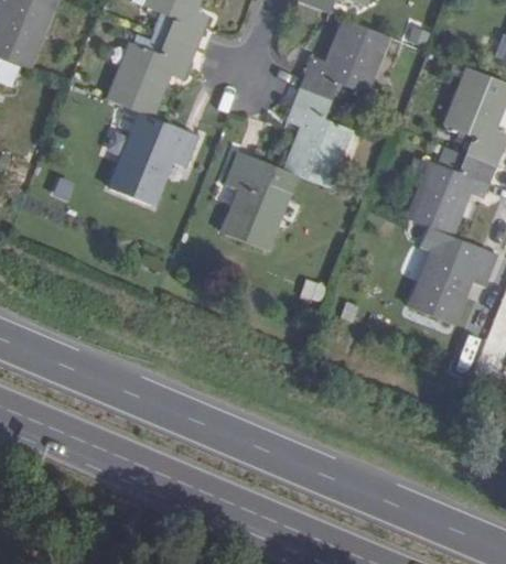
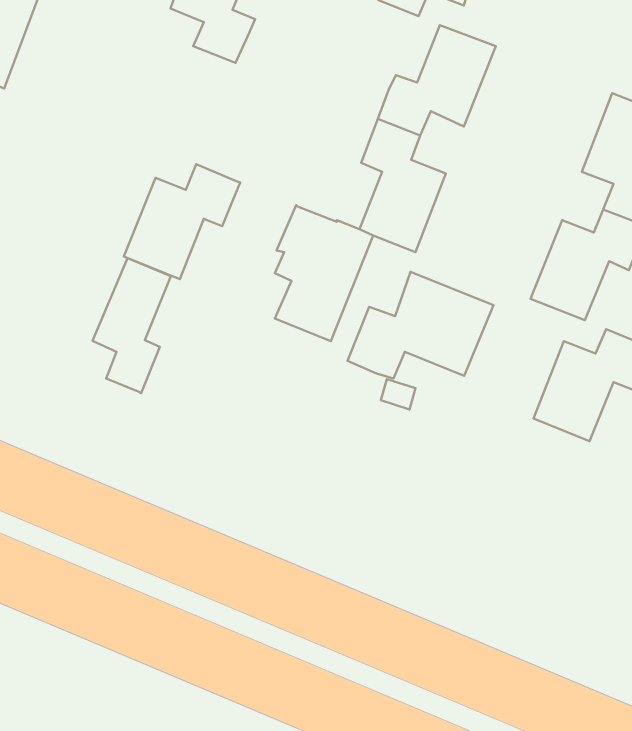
building: [110,35,195,116] -> none
building: none -> [92,258,171,393]
building: none -> [348,272,493,378]

